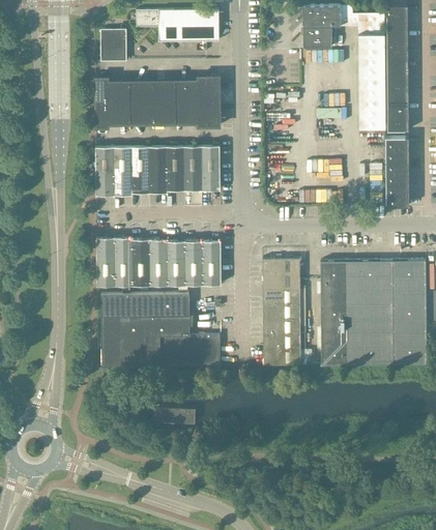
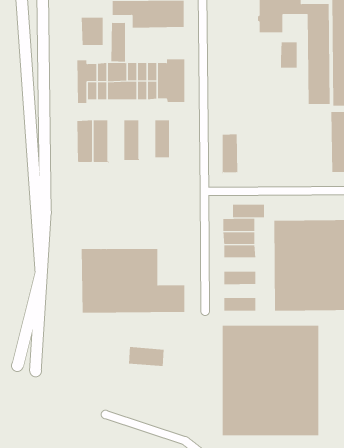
building: none -> [111,21,125,63]
building: none -> [280,41,297,68]
building: [202,145,221,190] -> [222,134,238,174]
building: [132,146,149,194] -> none
building: [167,146,184,190] -> none
building: [96,237,221,293] -> none
building: [263,303,300,319] -> [232,204,265,218]
building: [263,333,300,349] -> none
building: none -> [222,325,319,436]

